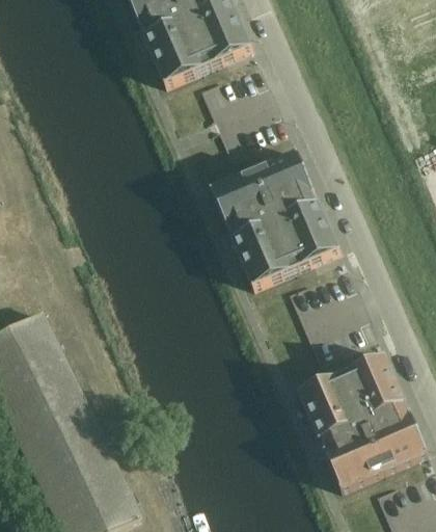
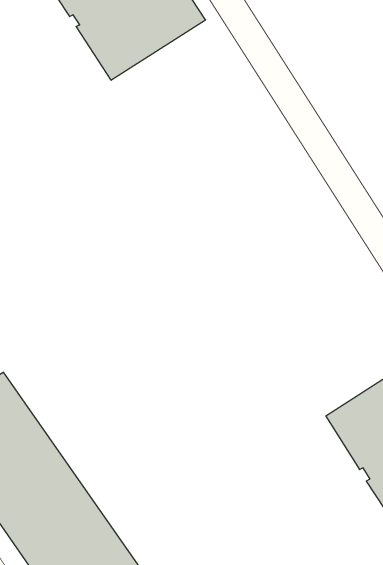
building: [208,148,337,284] -> none

